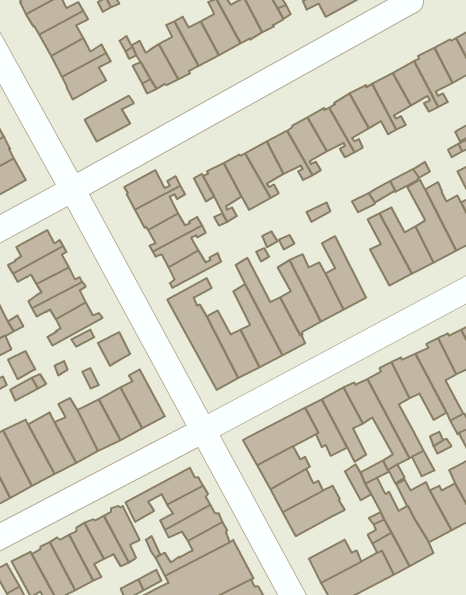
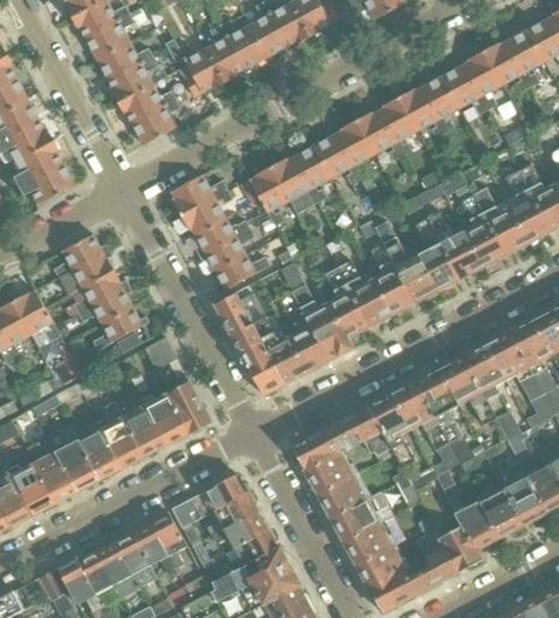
building: none -> [118,83,175,123]
building: none -> [383,234,437,302]
building: none -> [343,521,397,565]

